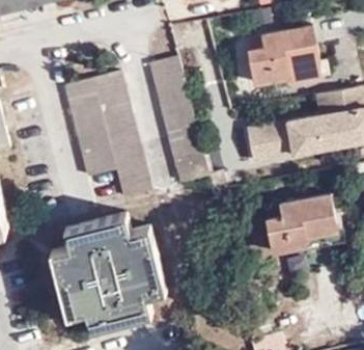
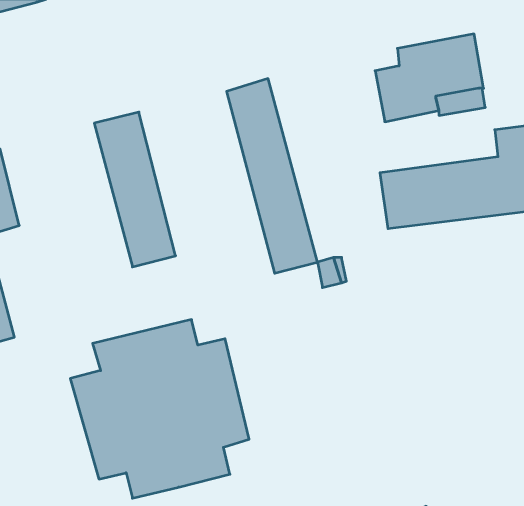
building: [94,72,151,197] -> none
building: [265,195,335,252] -> none

